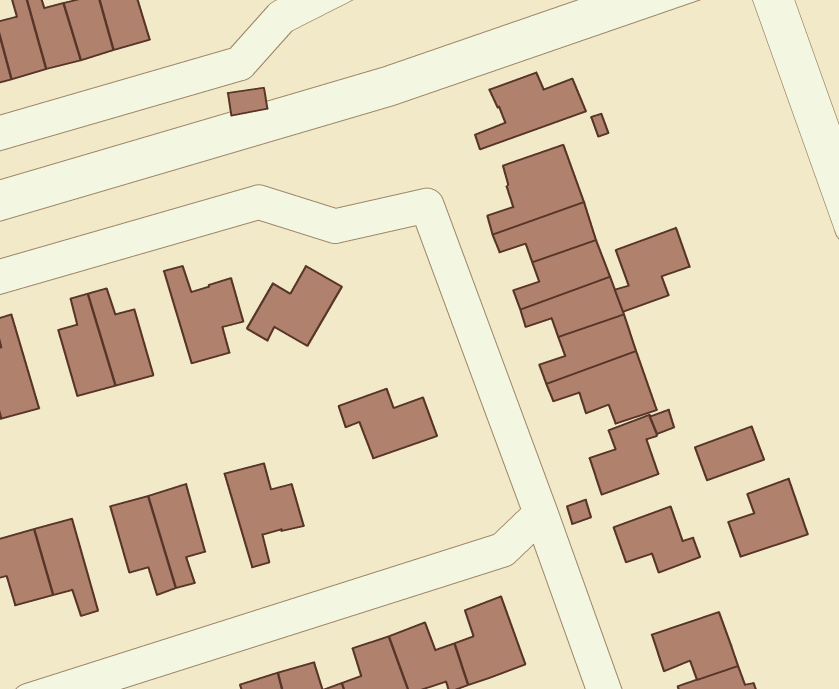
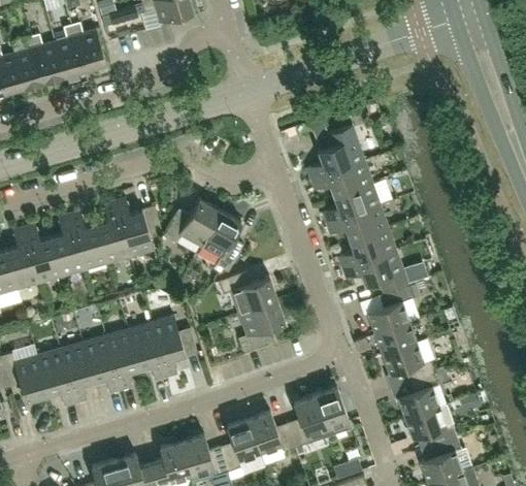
building: [475,72,586,149] -> none
building: [615,228,690,312] -> none
building: none -> [96,202,130,264]
building: none -> [199,212,242,272]
building: none -> [23,225,62,284]
building: [695,427,764,480] -> [374,323,416,355]
building: none -> [238,300,285,352]
building: none -> [127,323,166,382]
building: [728,479,808,557] -> [397,372,445,419]
building: none -> [59,343,93,404]
building: none -> [315,388,351,436]

